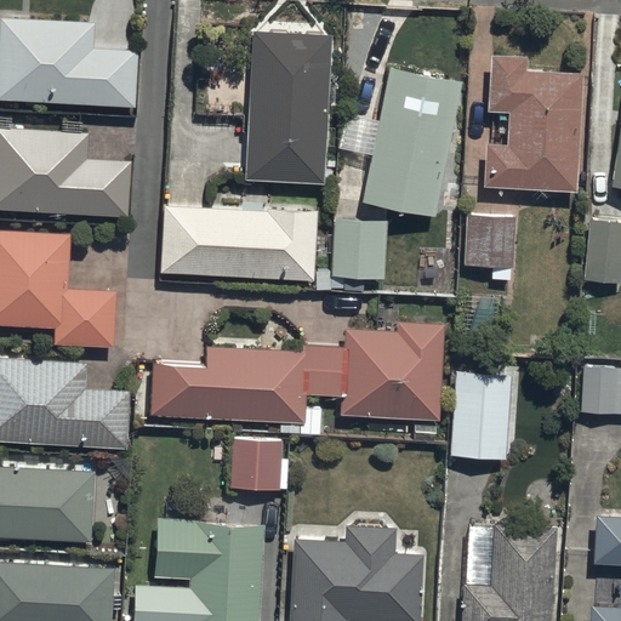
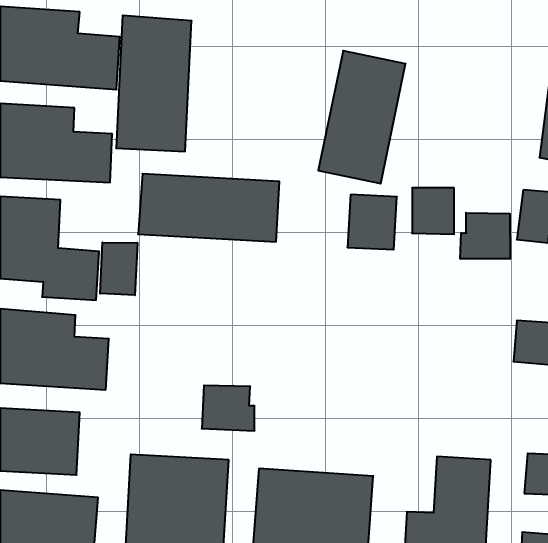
building: [245,30,330,183] -> [116,15,192,151]
building: [483,67,582,190] -> none
building: [334,222,389,284] -> [347,195,397,250]
building: none -> [460,213,510,259]
building: none -> [100,242,137,295]
building: [148,323,440,428] -> none
building: [451,376,511,463] -> none

